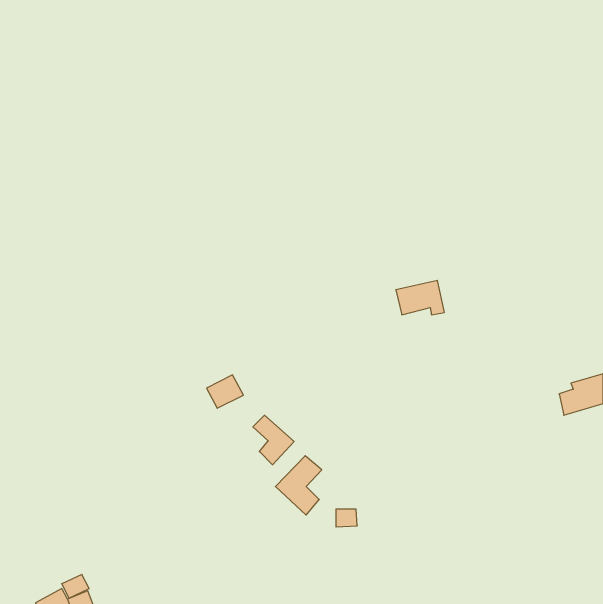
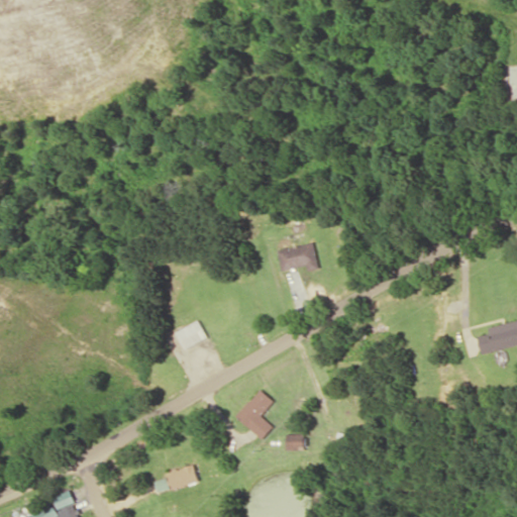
building: [396,280,444,315] -> [276,242,317,272]
building: [253,415,294,465] -> none
building: none -> [167,466,198,490]

